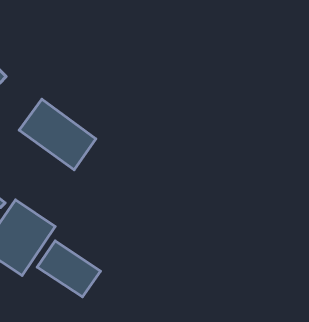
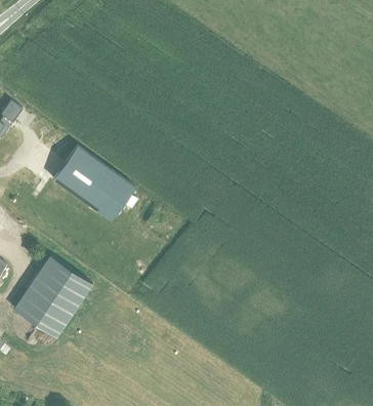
building: [37,241,100,297] -> none

